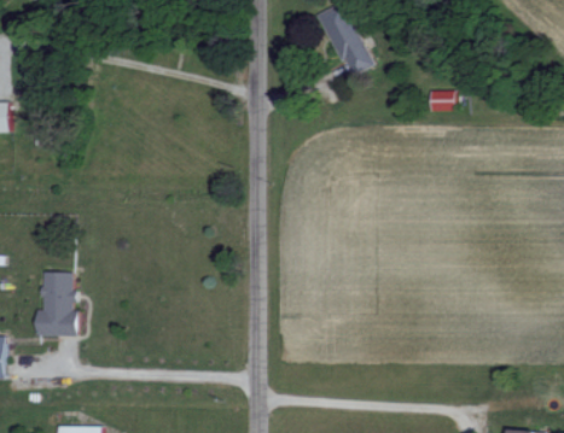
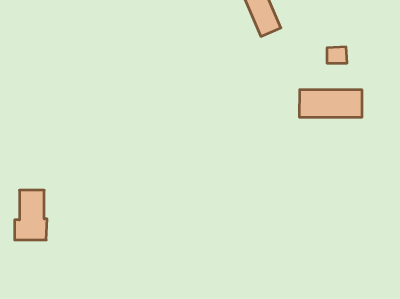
building: none -> [300,90,362,117]

